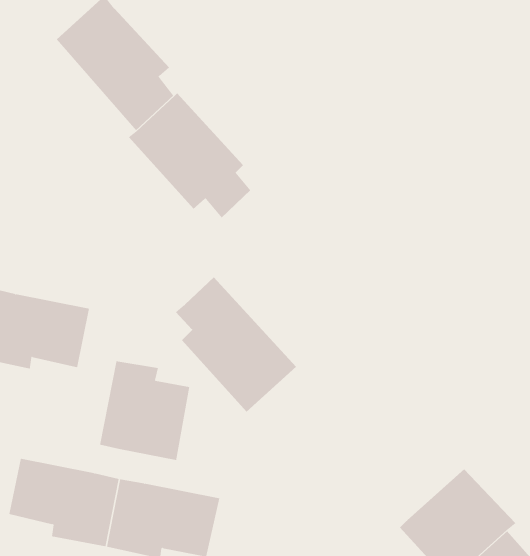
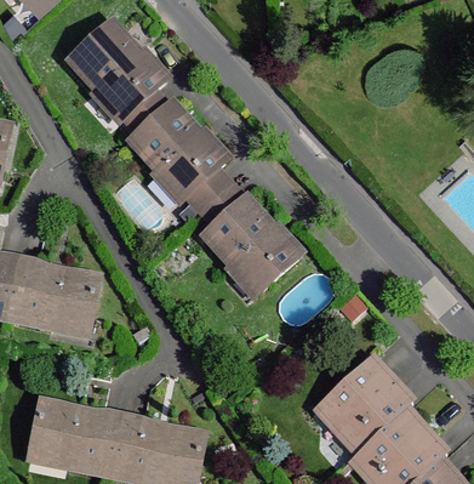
building: [175,277,297,413] -> [199,181,298,292]
building: [99,360,190,461] -> none
building: none -> [318,357,412,451]

